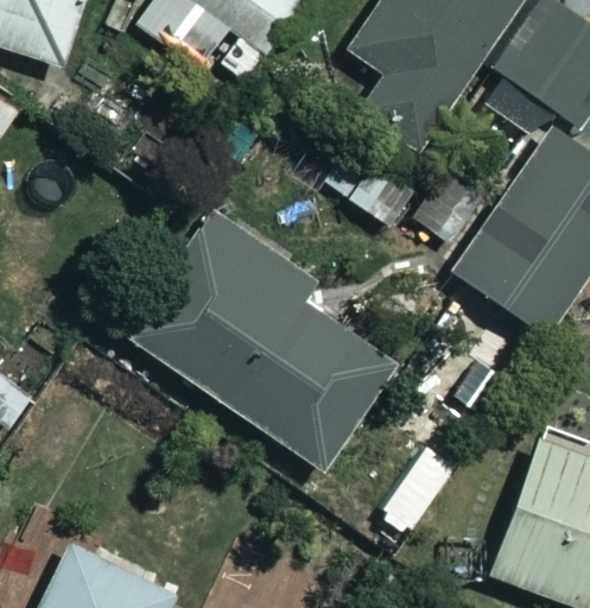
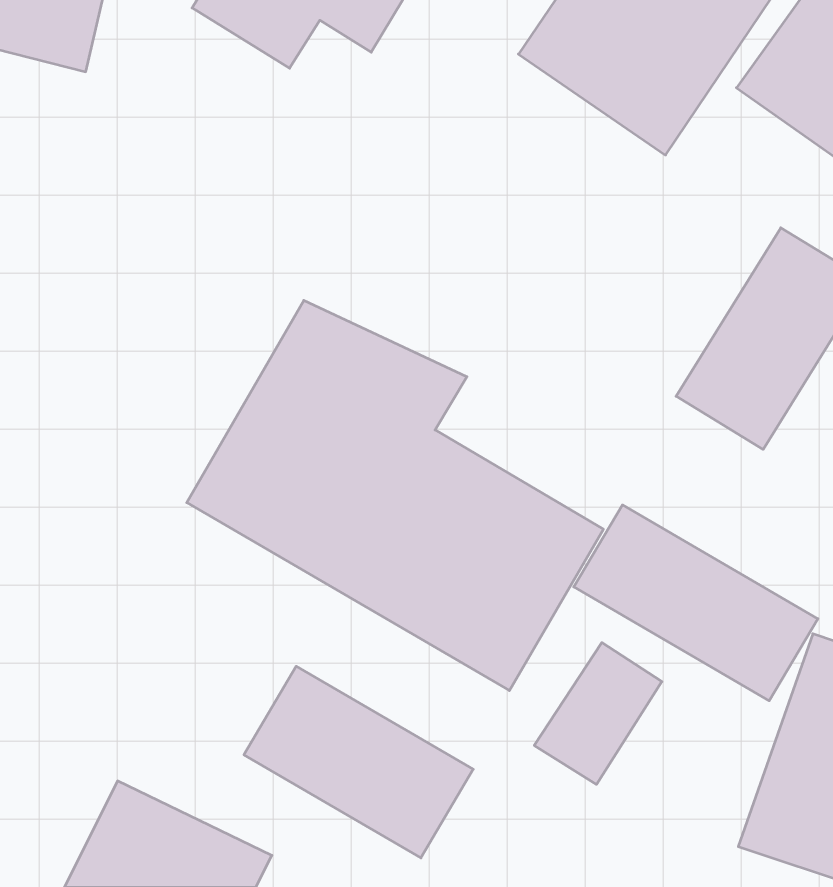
building: none -> [574,505,818,701]
building: none -> [244,666,473,858]

